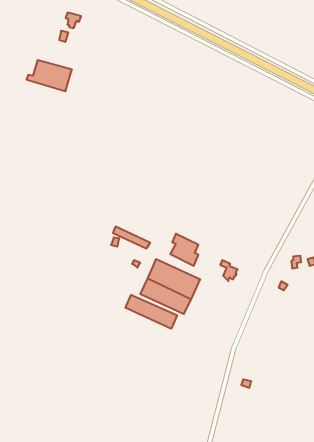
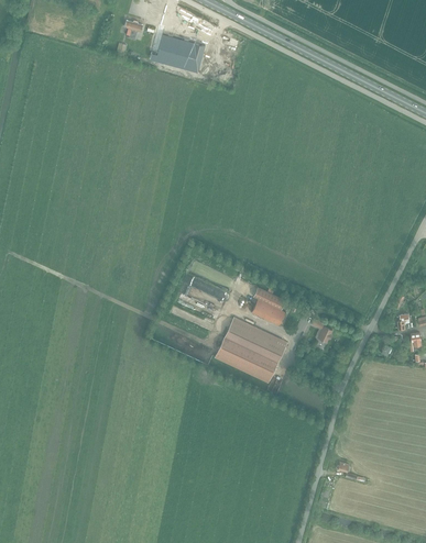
building: [26,60,72,91] -> [148,34,203,71]
building: [126,295,177,329] -> none

